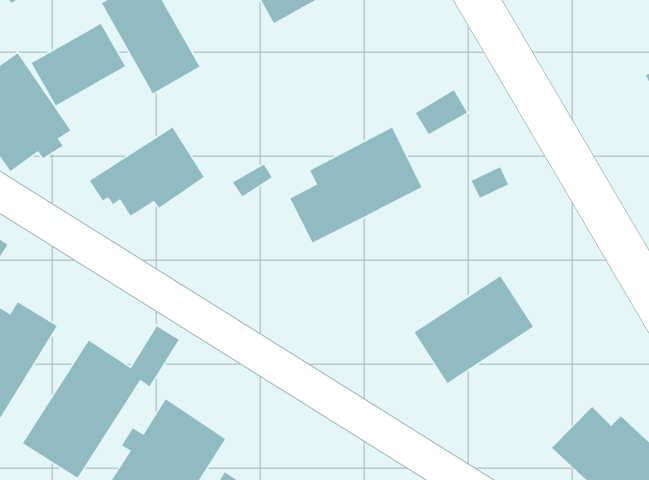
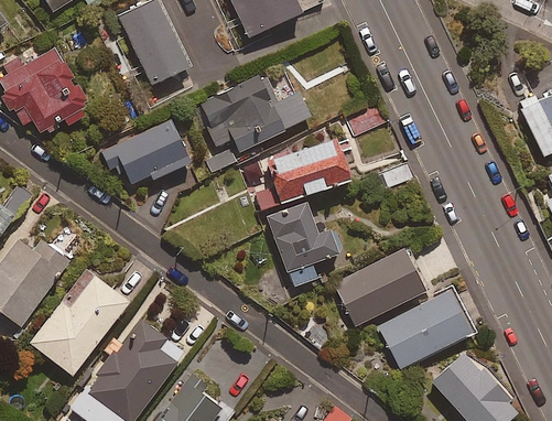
building: [30,23,126,106] -> none
building: none -> [197,74,310,151]
building: none -> [264,197,337,290]
building: none -> [379,288,473,368]

